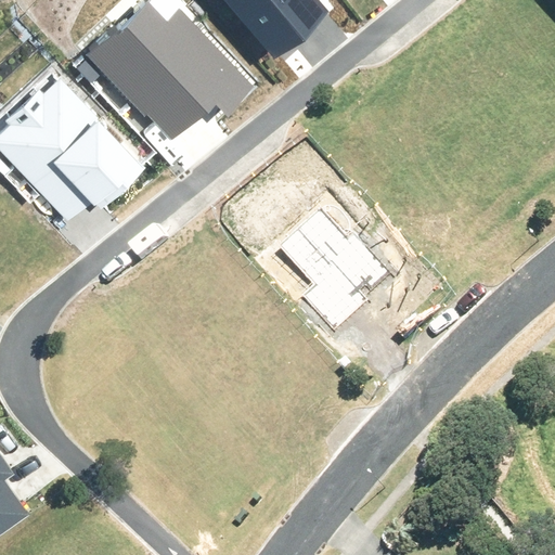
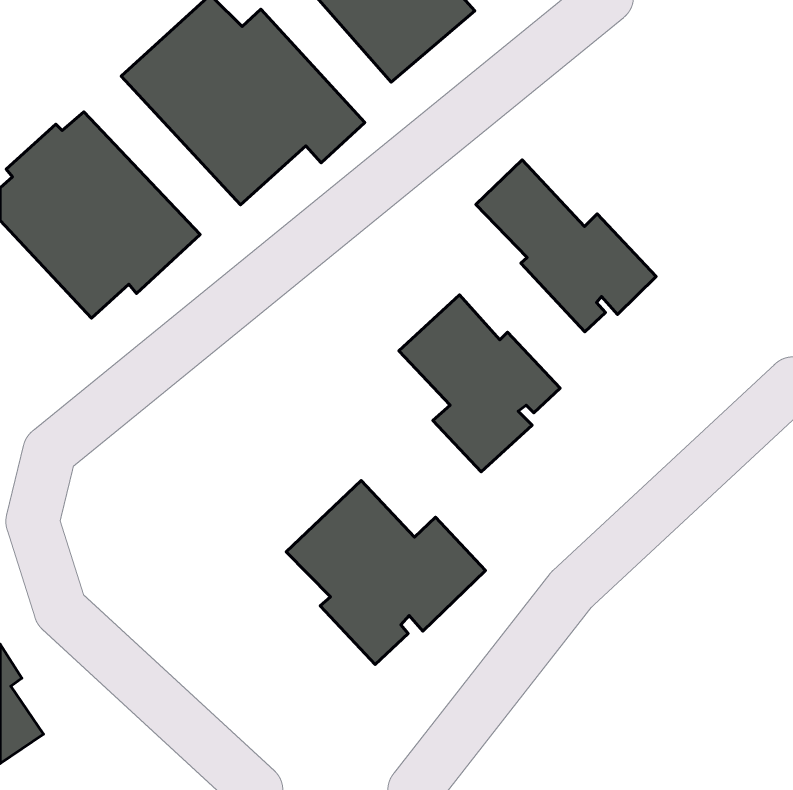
building: none -> [476,160,656,332]
building: none -> [286,480,486,665]

